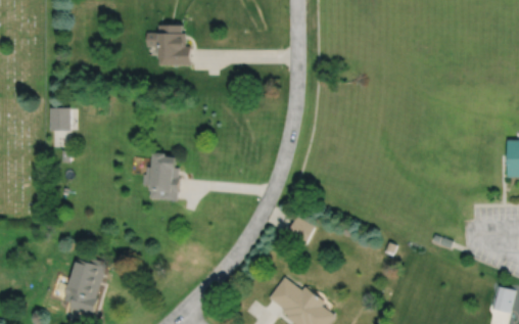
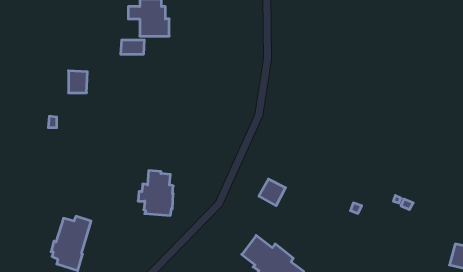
building: none -> [121,40,144,54]
building: [51,107,72,131] -> [68,71,87,93]
building: [143,152,181,200] -> [138,171,173,215]

